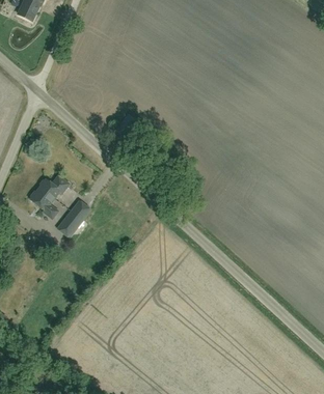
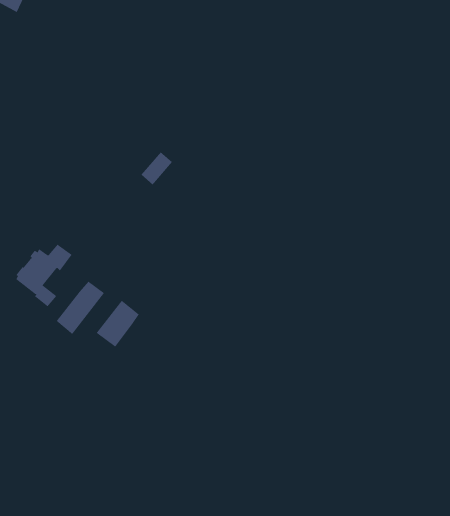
building: none -> [96,300,139,347]

